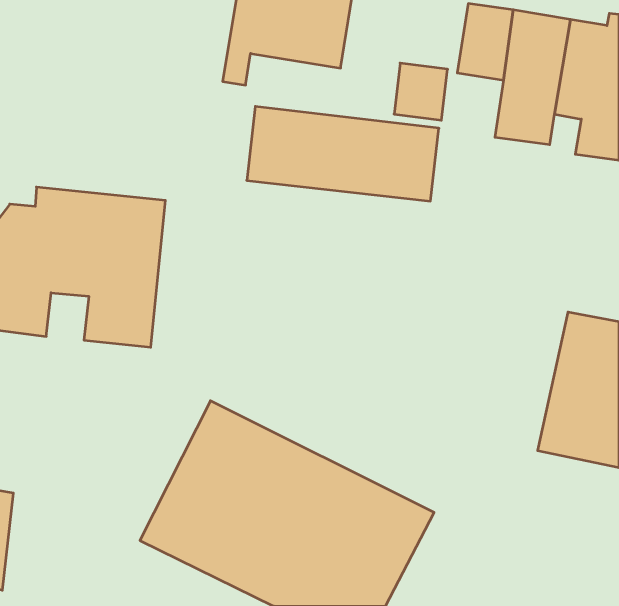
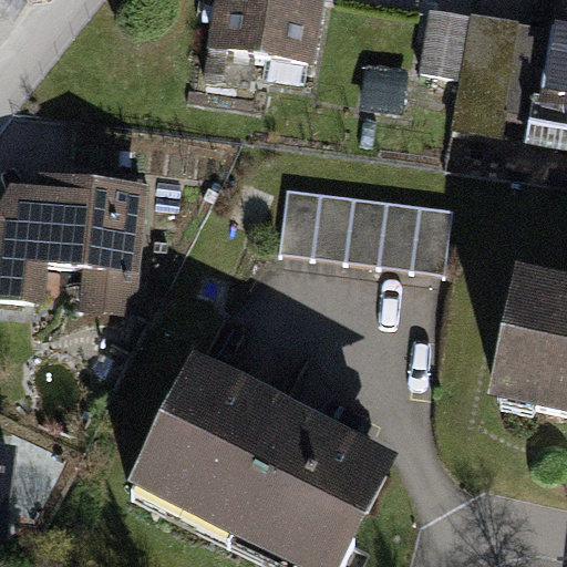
building: [247,106,439,201] -> [279,184,454,270]

